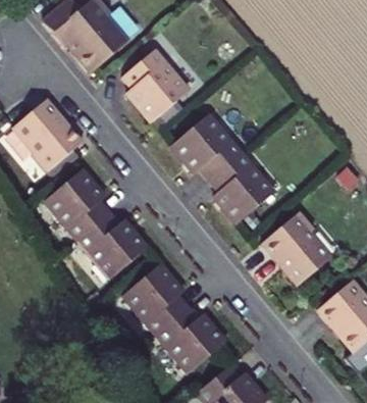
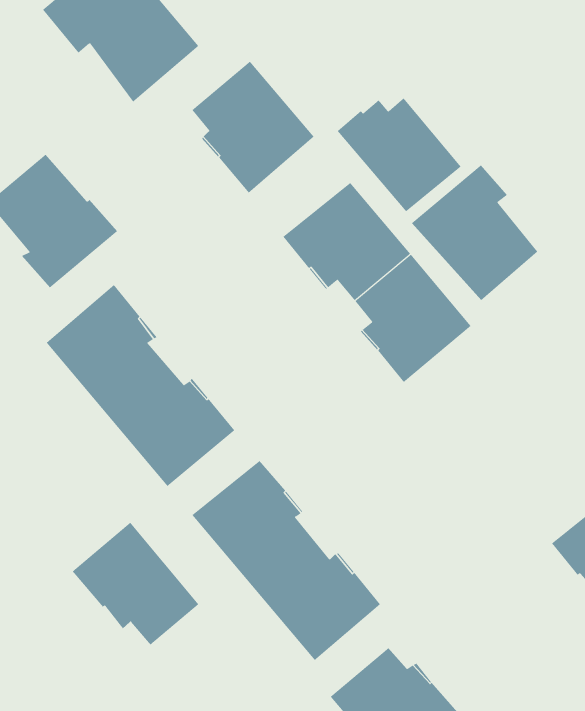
building: none -> [337,97,462,212]
building: [261,211,329,285] -> [411,164,538,301]
building: none -> [72,522,199,646]

